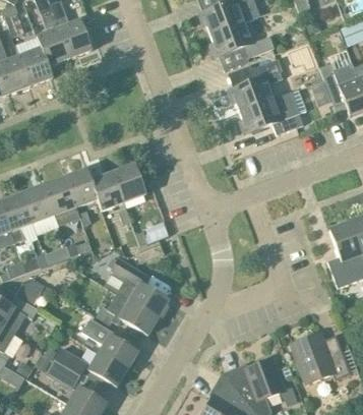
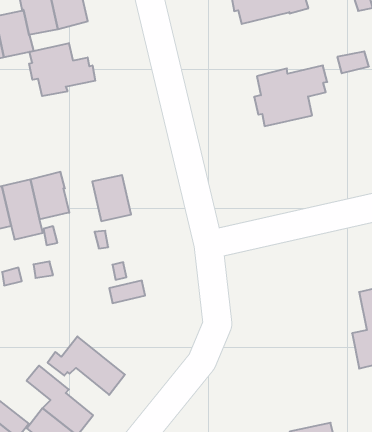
building: [210,19,274,57] -> none
building: none -> [29,43,95,96]
building: [239,92,303,133] -> none
building: [90,171,123,209] -> none
building: [111,257,168,316] -> none

